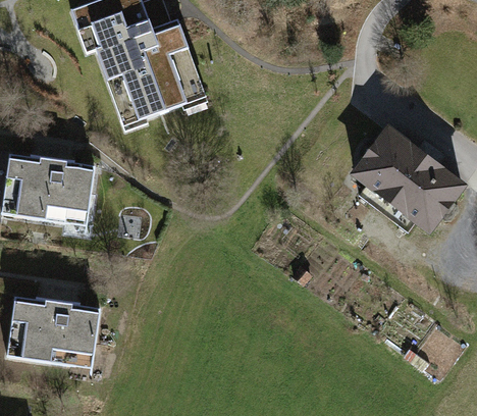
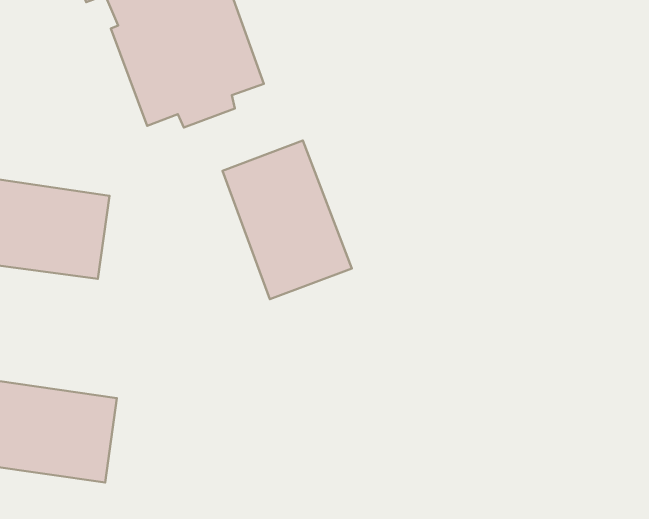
building: none -> [222,141,352,299]
building: [355,129,462,229] -> none

